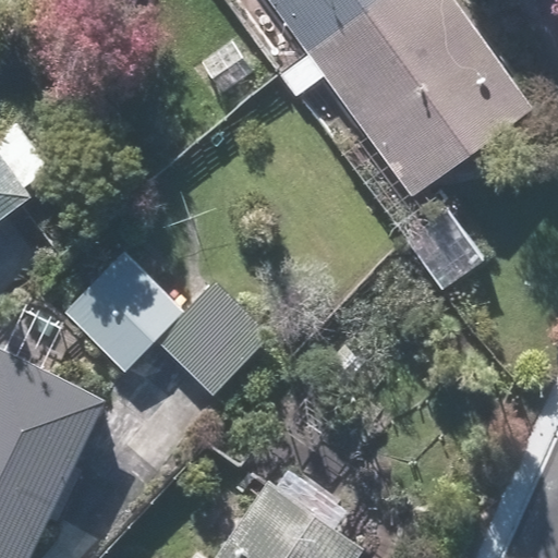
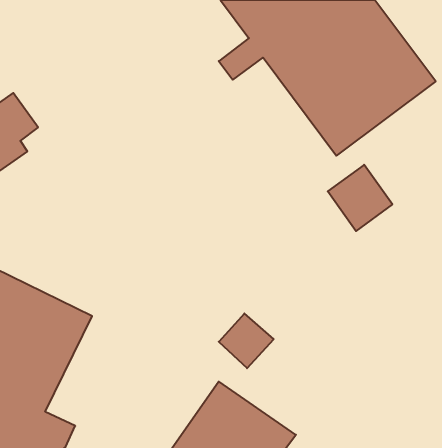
building: [56,255,266,395] -> none

